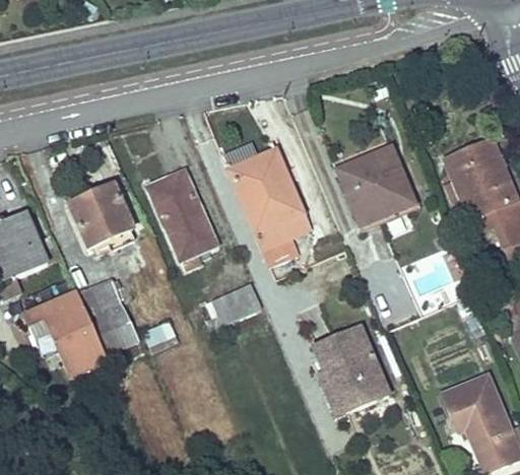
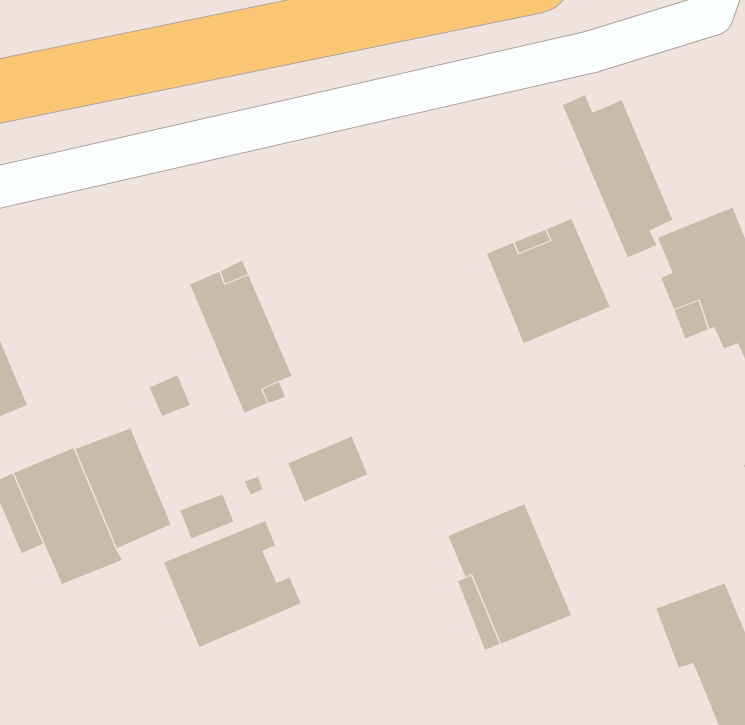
building: none -> [562,94,673,258]
building: [223,141,309,264] -> none
building: [70,185,134,248] -> none
building: none -> [163,520,302,648]

